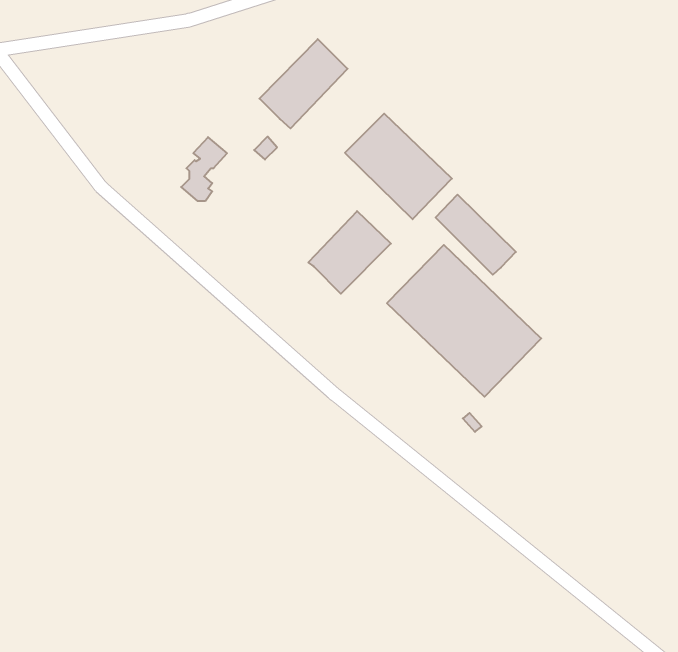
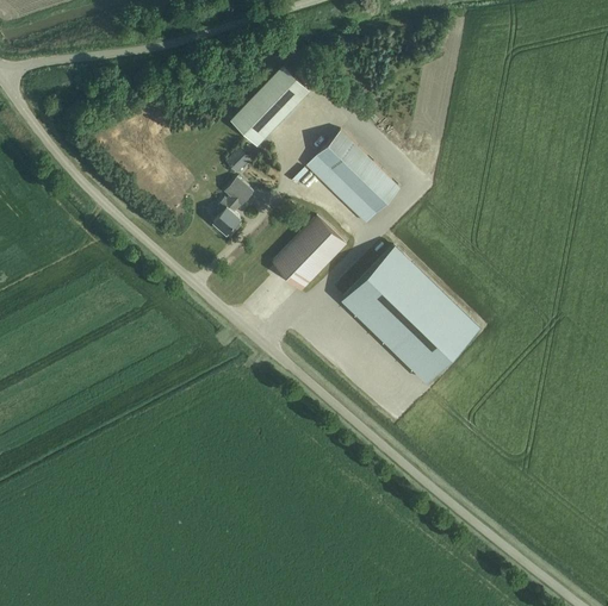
building: [181,137,227,201] -> [212,177,253,233]
building: [436,195,516,275] -> none

